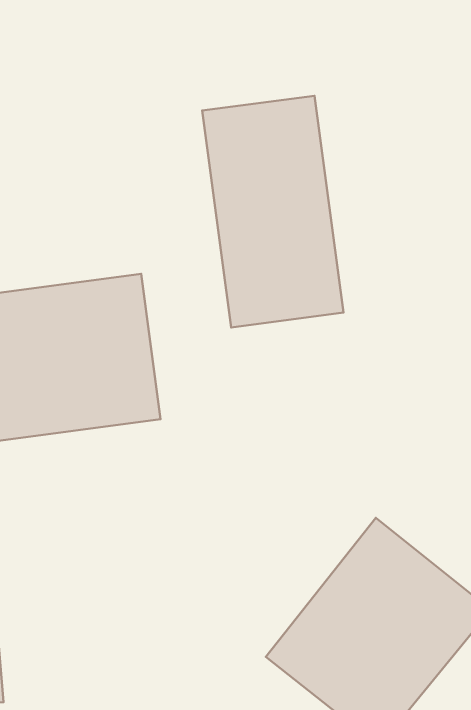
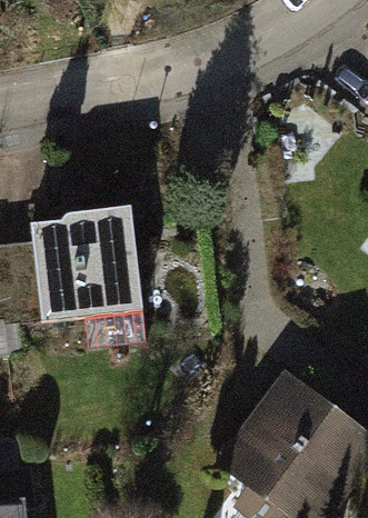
building: [202,96,344,328] -> none

